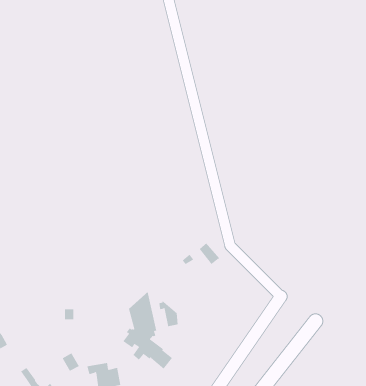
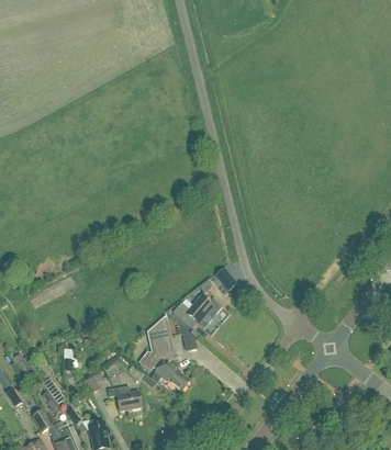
building: none -> [171,296,222,329]

